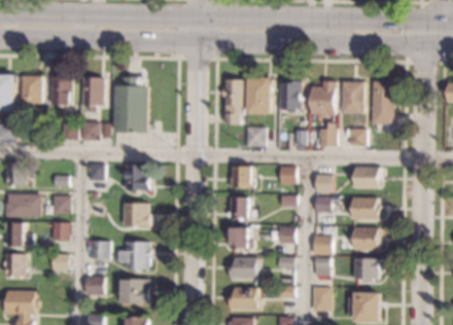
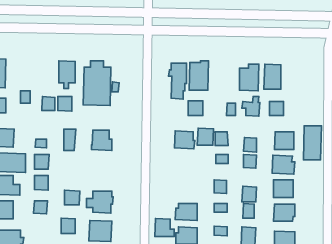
building: [21,76,41,103] -> none
building: [50,77,72,106] -> none
building: [278,80,302,112] -> none
building: [372,81,394,124] -> [304,126,321,160]
building: [230,196,250,218] -> [197,128,214,145]
building: [123,203,149,226] -> none
building: [230,227,254,250] -> [155,218,174,236]

